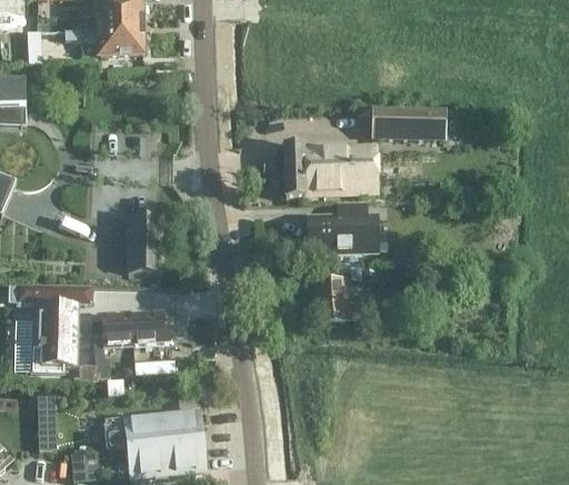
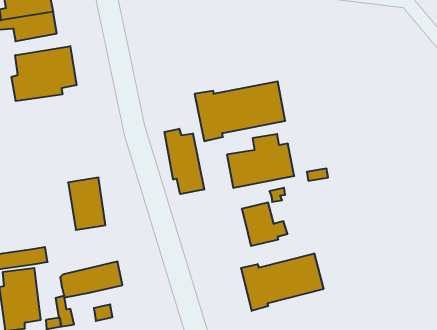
building: none -> [12,46,76,101]
building: [373,108,445,138] -> none
building: none -> [164,129,204,194]
building: none -> [241,253,323,311]

